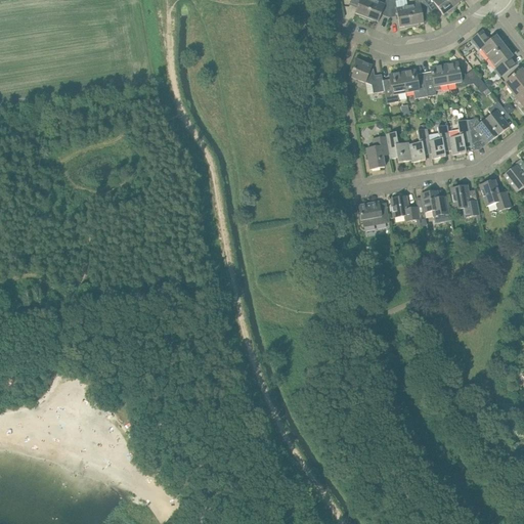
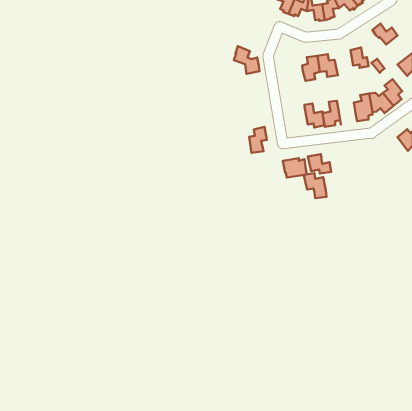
building: [490,45,515,75] -> none
building: [352,58,385,93] -> [234,46,260,74]
building: [426,63,448,95] -> none
building: [430,124,452,158] -> none
building: [367,135,390,168] -> [249,127,267,153]
building: [480,178,512,210] -> none
building: [451,184,480,216] -> none
building: [422,190,450,222] -> [304,173,327,198]

